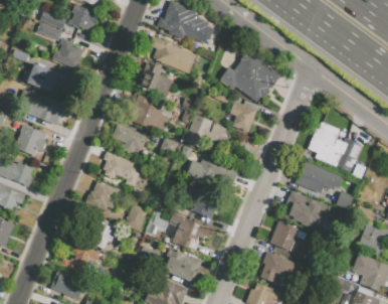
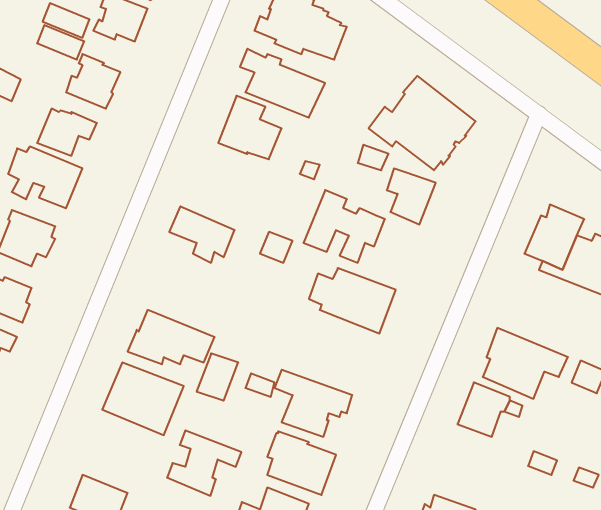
building: [137,94,164,130] -> none
building: [103,151,142,187] -> none
building: [295,161,343,193] -> none
building: [182,186,219,218] -> none
building: [60,240,102,276] -> [167,430,241,496]
building: [259,252,301,283] -> none

